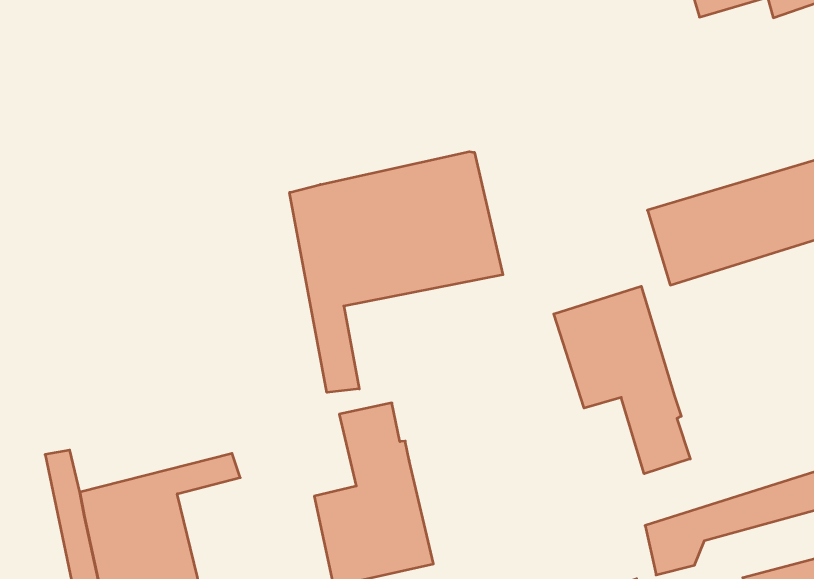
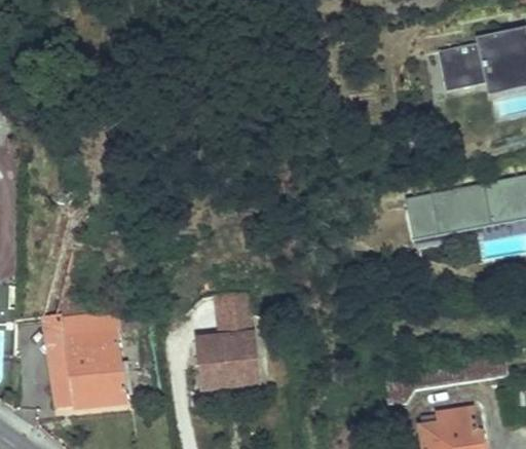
building: [290,152,503,392] -> none
building: [554,286,690,474] -> none

